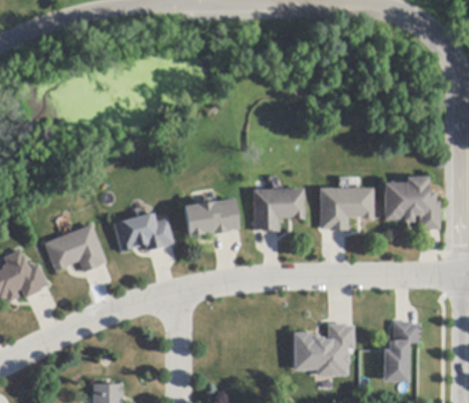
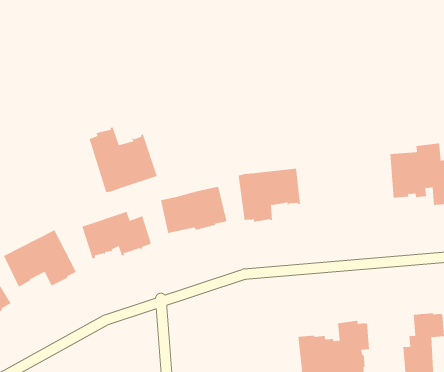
building: none -> [89,127,157,193]
building: [320,187,374,230] -> none

